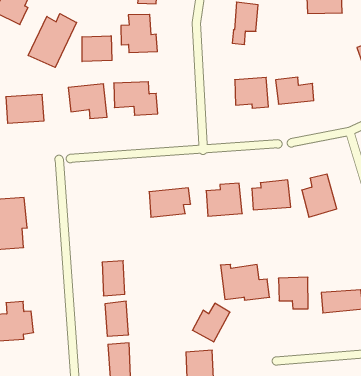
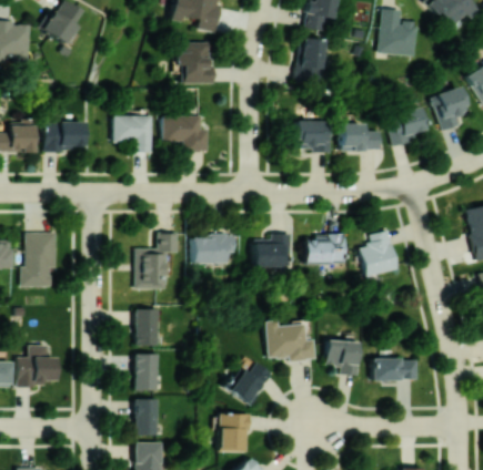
building: [28,14,77,67] -> none
building: [82,36,112,62] -> none
building: none -> [386,108,426,146]
building: none -> [135,233,180,289]

